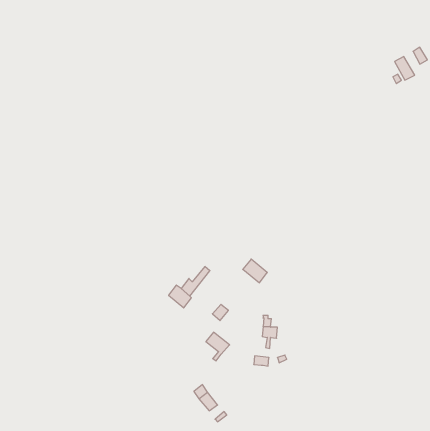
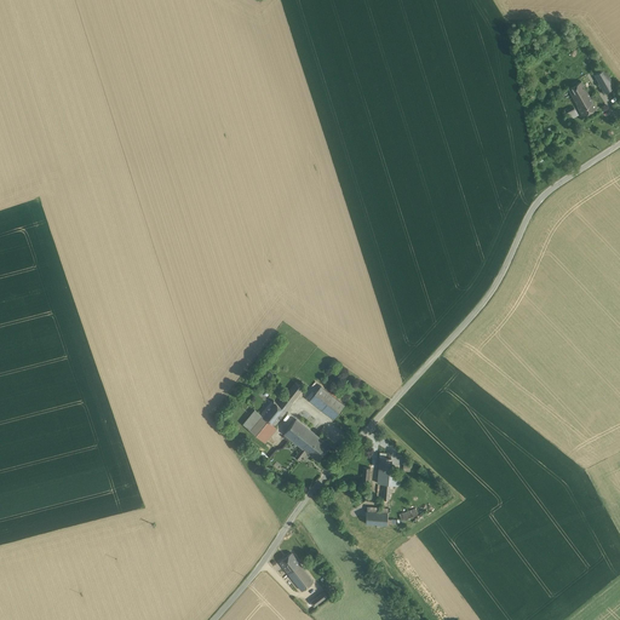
building: [243,259,267,283] -> [308,385,343,419]
building: [206,332,230,361] -> [283,419,317,460]

